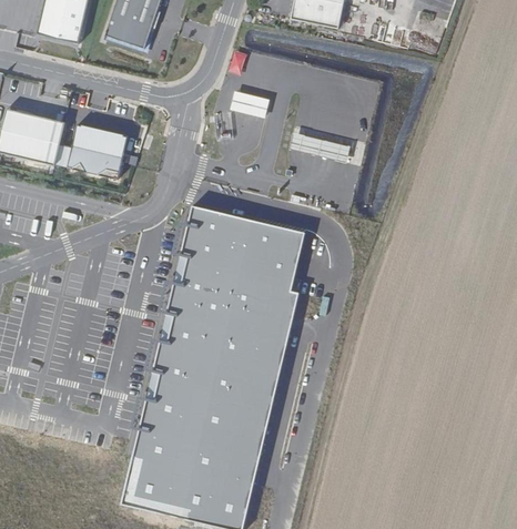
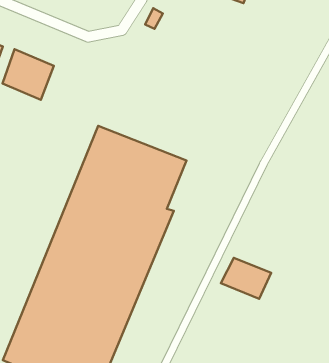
building: none -> [221,258,271,299]

